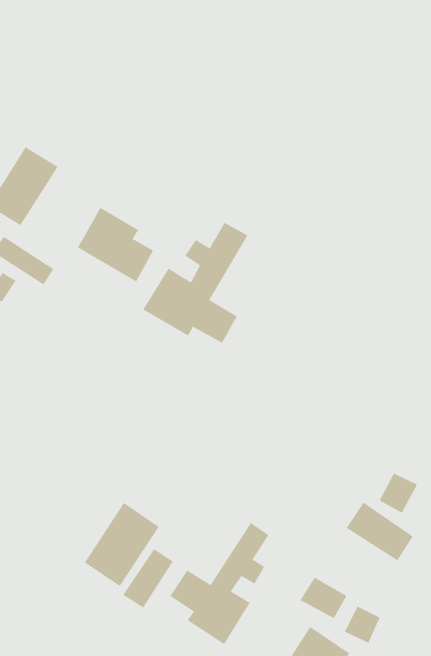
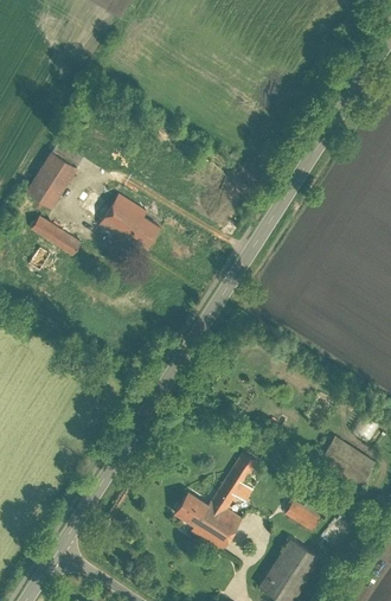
building: [142,222,248,344] -> none
building: [84,502,159,587] -> none
building: [123,548,173,609] -> none

